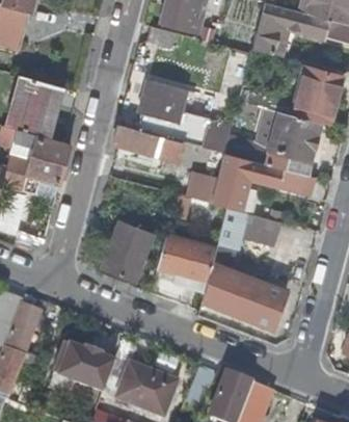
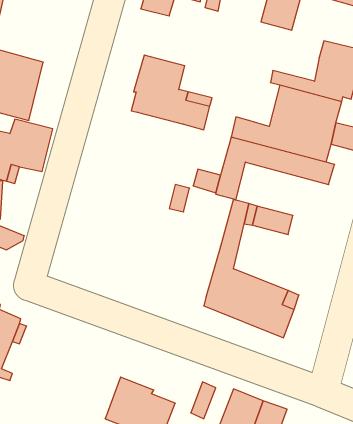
building: [112,124,183,161] -> none
building: [101,220,152,280] -> none
building: [156,234,215,291] -> none
building: [52,344,113,394] -> none

